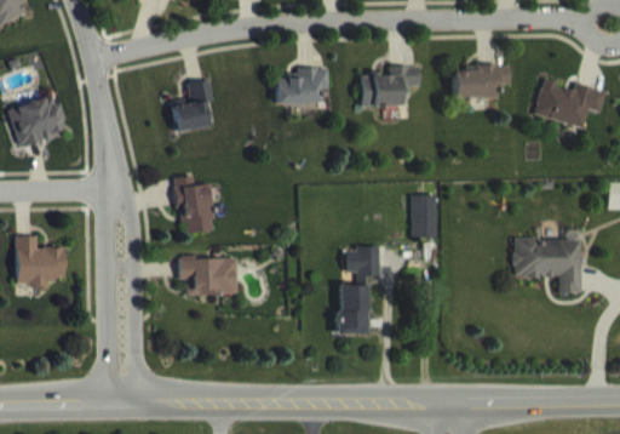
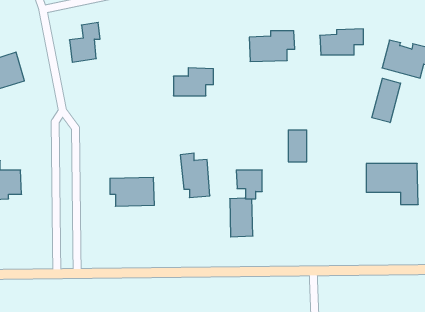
building: [276,67,328,103] -> [173,68,213,96]
building: [172,79,212,131] -> [69,22,100,62]
building: none -> [372,78,401,123]
building: [174,175,213,233] -> [180,153,210,198]

